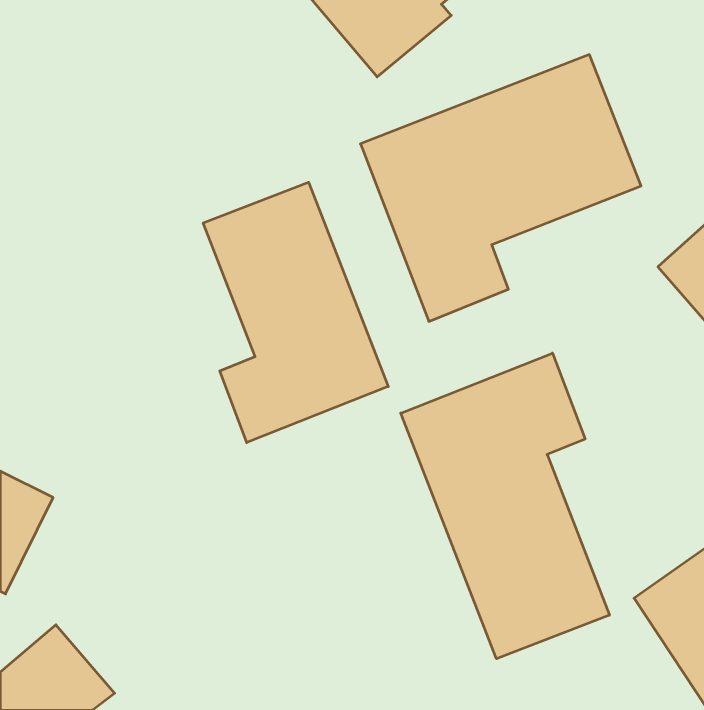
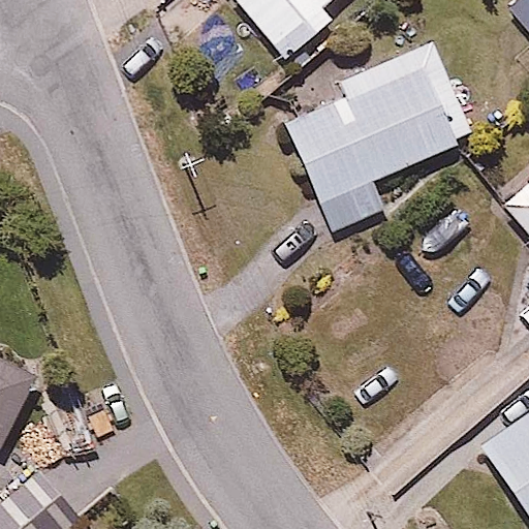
building: [203,182,388,443] -> none
building: [401,353,609,659] -> none

